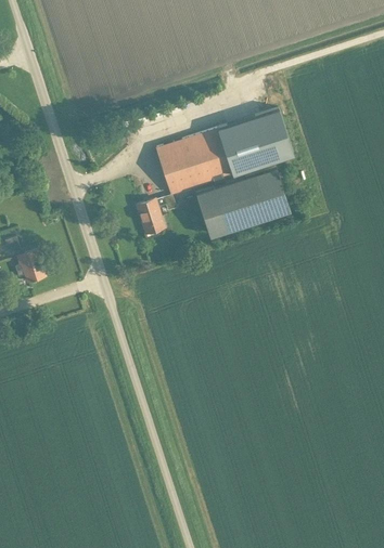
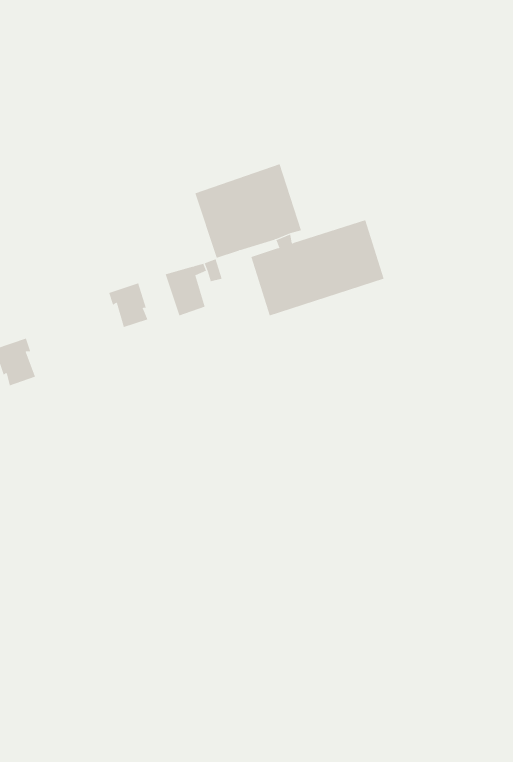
building: [216,109,293,175] -> none
building: none -> [108,283,148,328]

